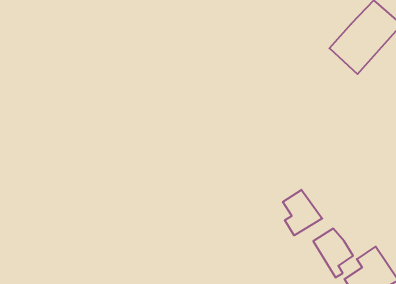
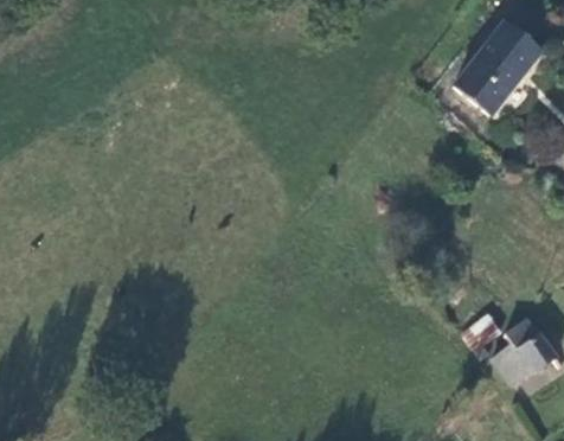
building: [283,190,322,235] -> none

